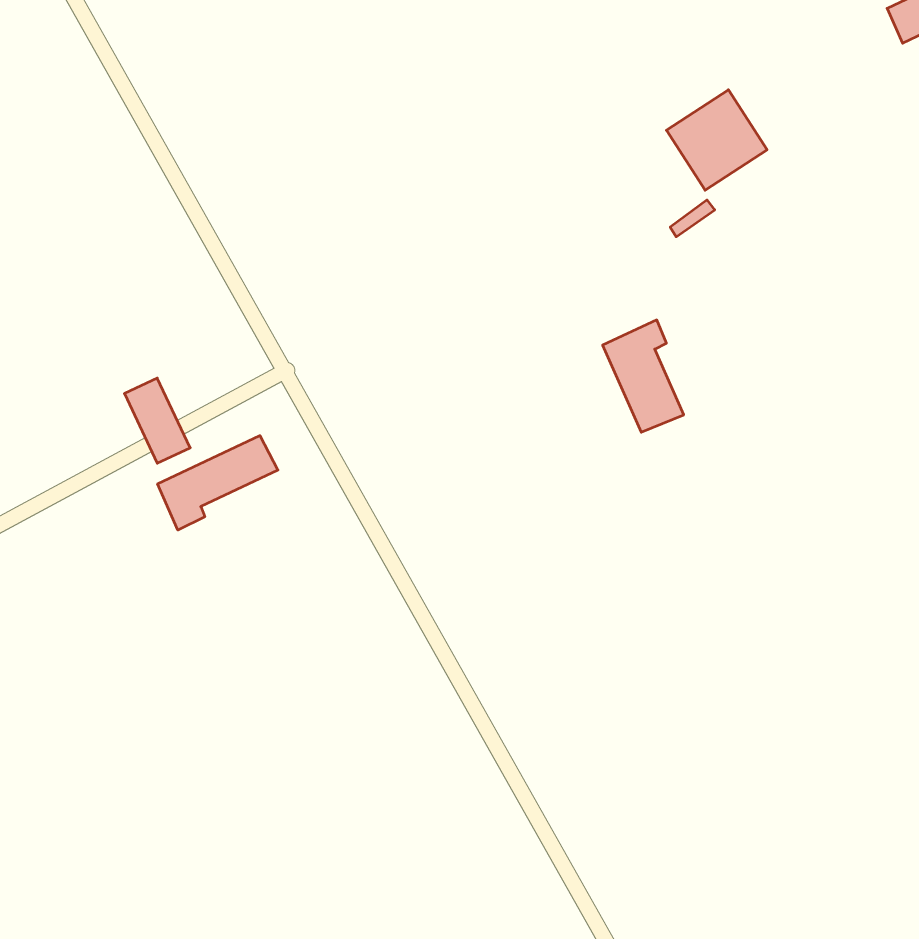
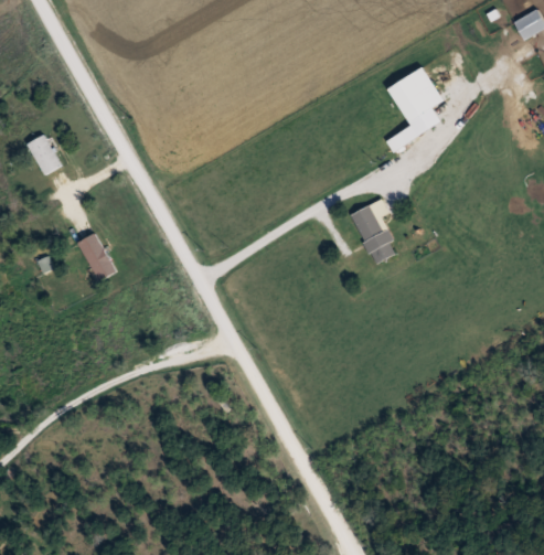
building: none -> [26,135,60,175]
building: [158,436,278,530] -> none

